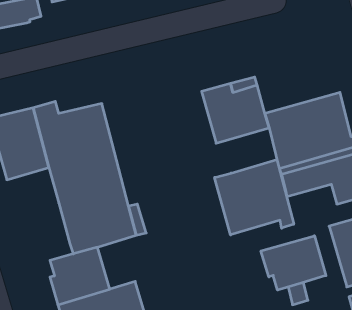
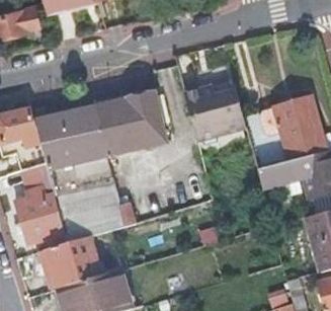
building: none -> [94,92,166,157]
building: [215,159,294,235] -> none
building: none -> [15,186,65,244]
building: [261,236,326,290] -> none

